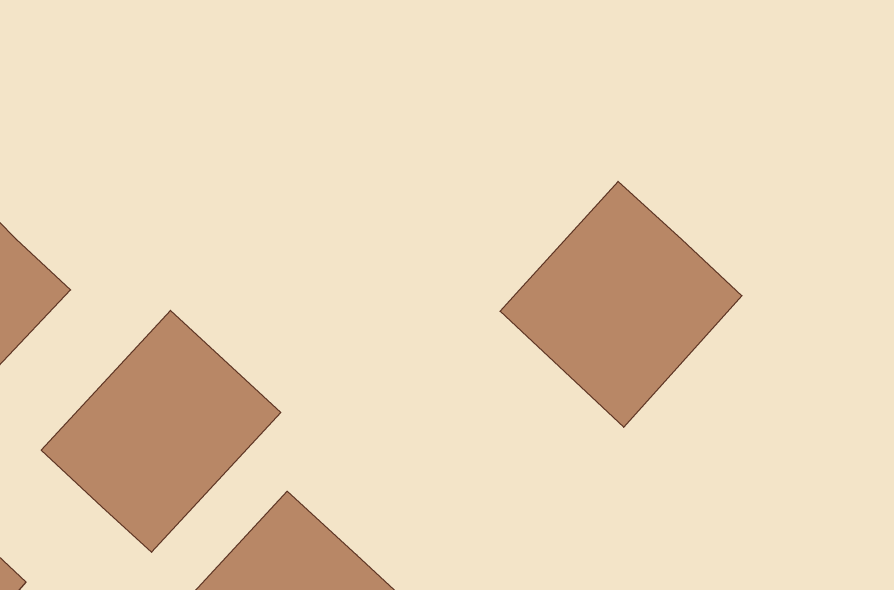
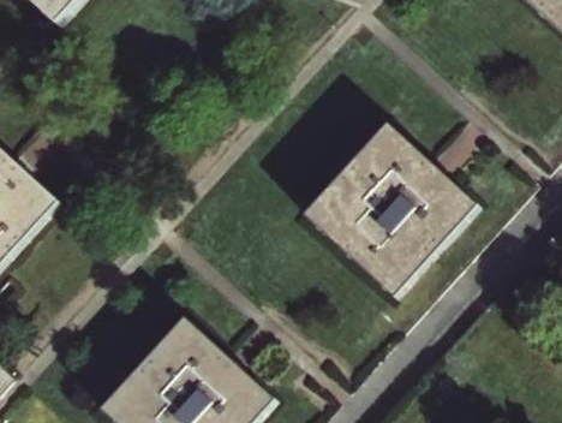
building: [41,310,281,552] -> none

